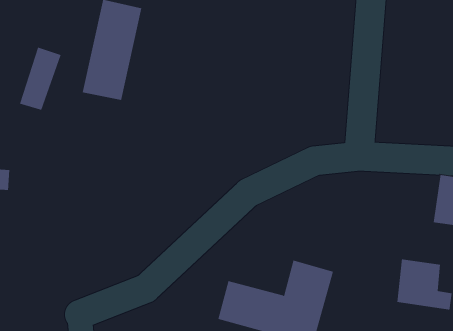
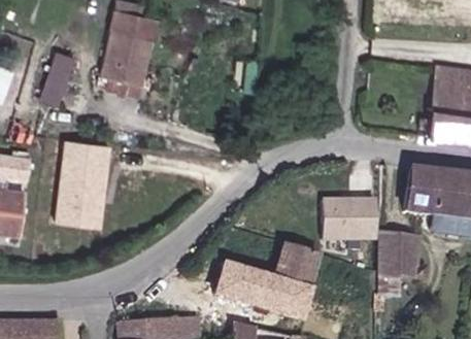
building: none -> [57,141,110,231]
building: none -> [324,195,376,236]

